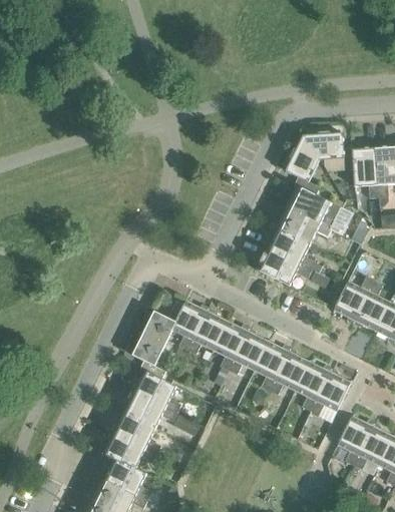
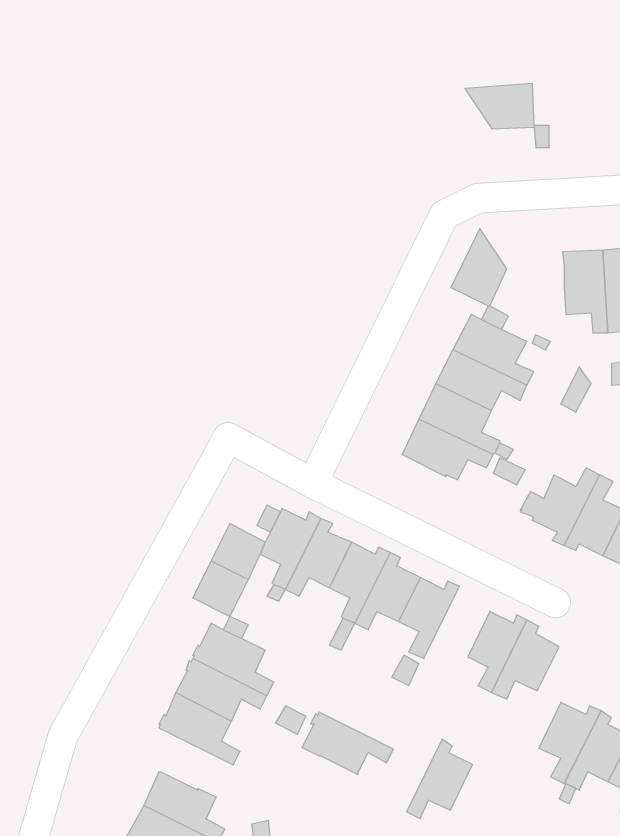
building: [303,133,353,171] -> [465,83,549,148]
building: [270,349,309,396] -> [407,739,473,819]
building: [102,433,156,470] -> [302,712,393,775]

